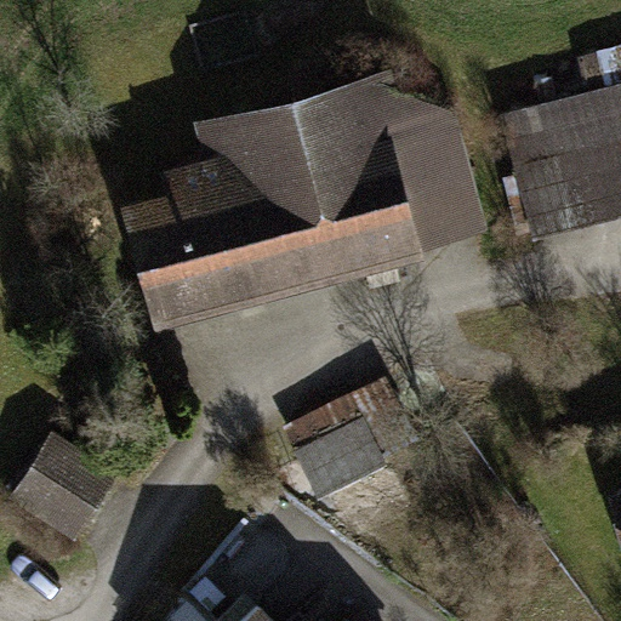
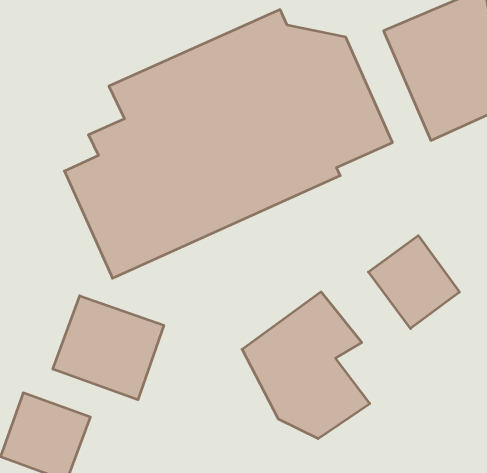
building: none -> [368,236,459,329]
building: none -> [53,296,164,400]

